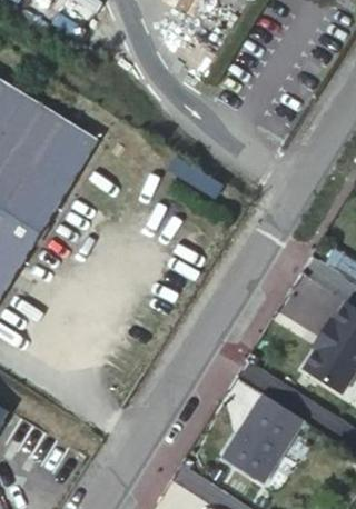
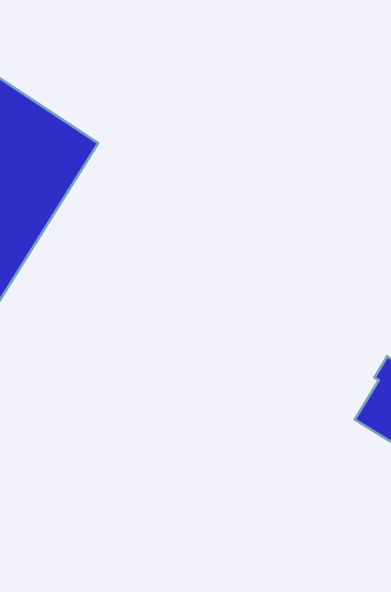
building: [226,392,306,480] -> none

